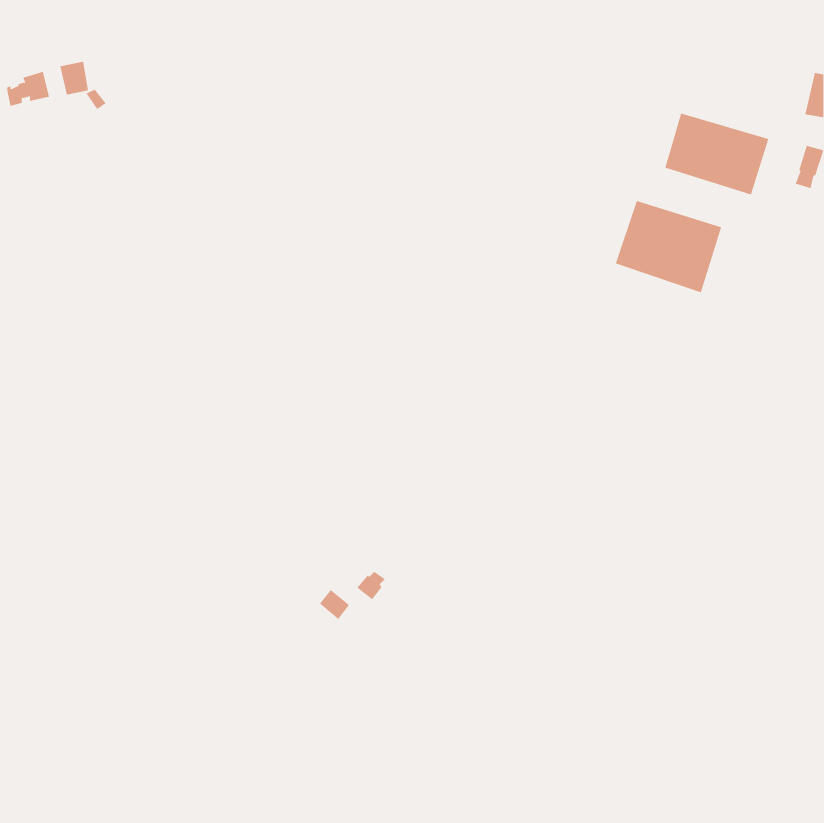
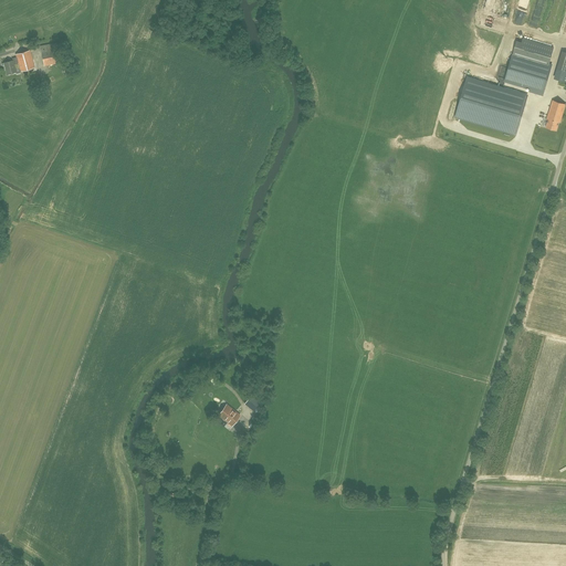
building: none -> [504,38,554,94]
building: [615,200,722,293] -> none

